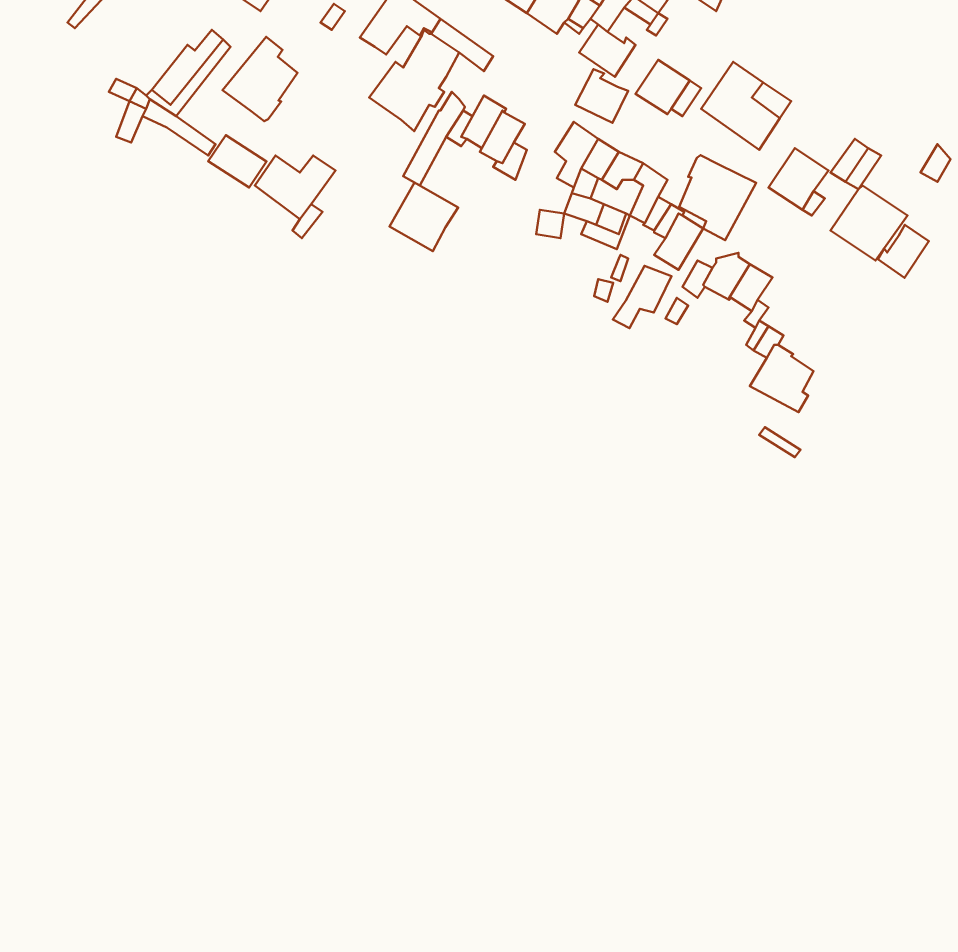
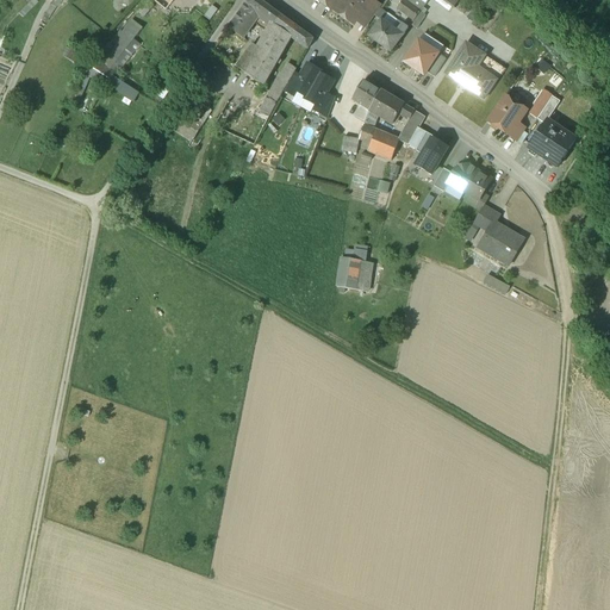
building: [223,37,298,121] -> none
building: [575,69,628,123] -> none
building: [208,135,267,188] -> none
building: [679,155,756,240] -> none
building: [389,183,458,251] -> none
building: [878,225,929,278] -> none
building: [613,266,671,328] -> none
building: none -> [335,255,375,290]

